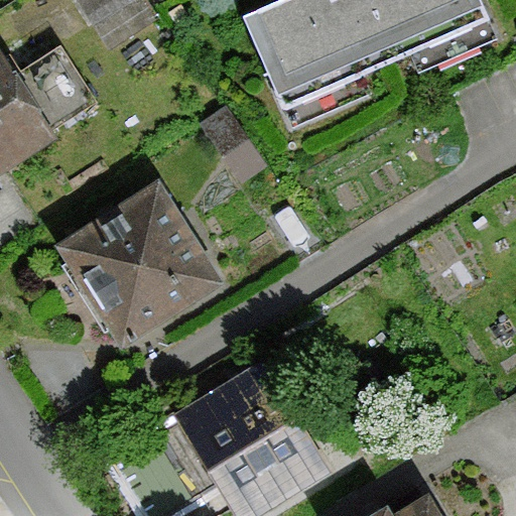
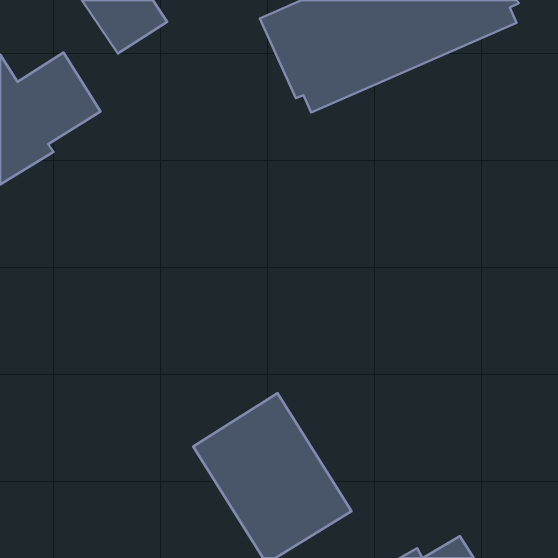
building: [60,184,219,342] -> none

